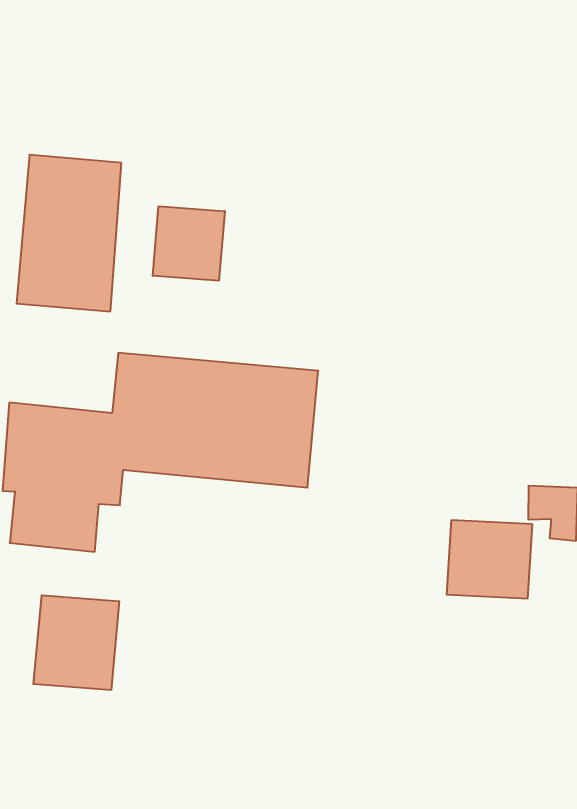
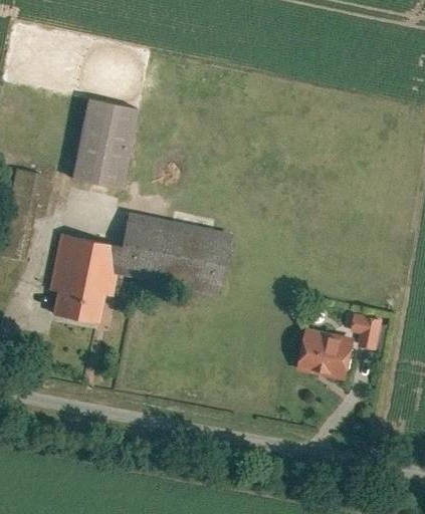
building: [153,206,225,281] -> none
building: [34,595,119,690] -> none

